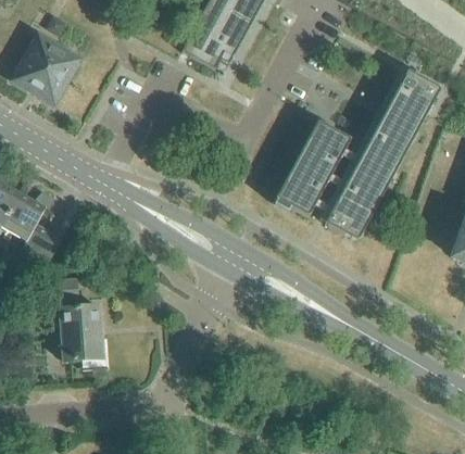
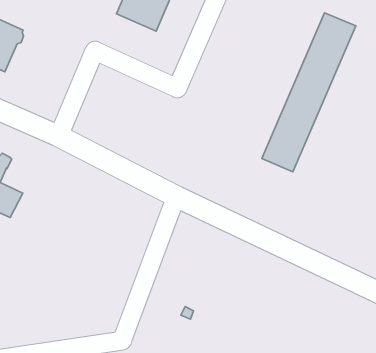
building: [274,122,349,217] -> none
building: [48,279,101,362] -> none

